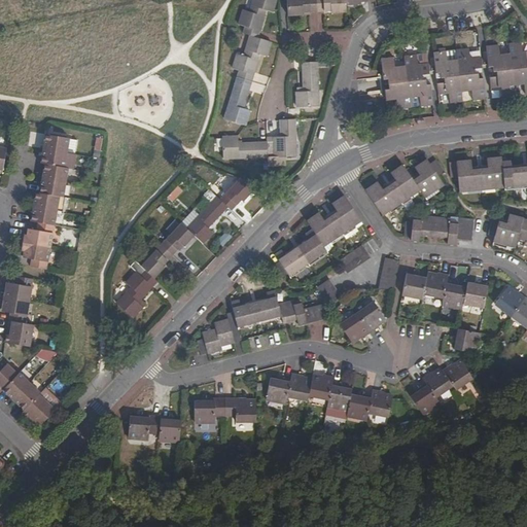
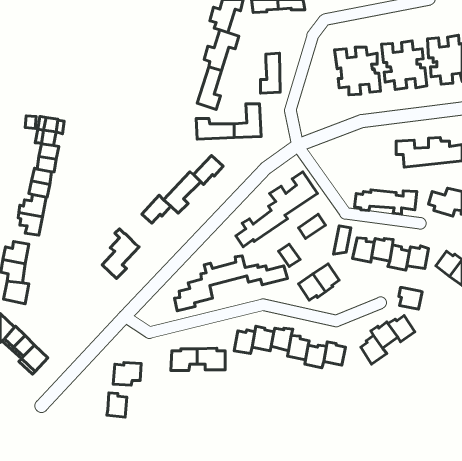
building: [365,160,445,215] -> none
building: [141,244,173,278] -> none
building: [159,414,181,442] -> [107,393,127,417]

